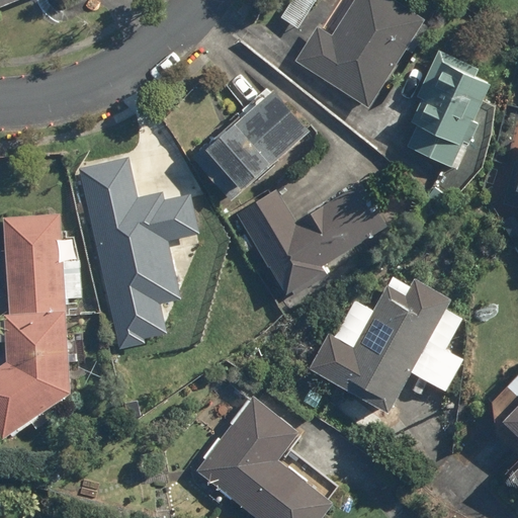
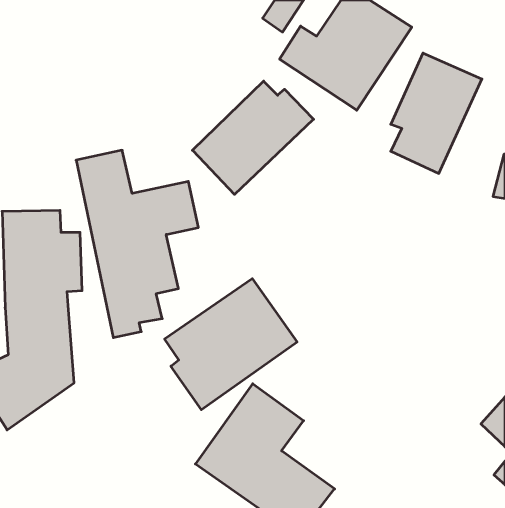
building: [236,183,388,292] -> none
building: [322,274,463,400] -> none
building: none -> [165,279,297,410]

